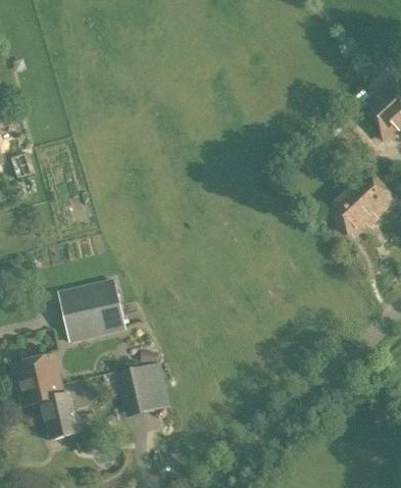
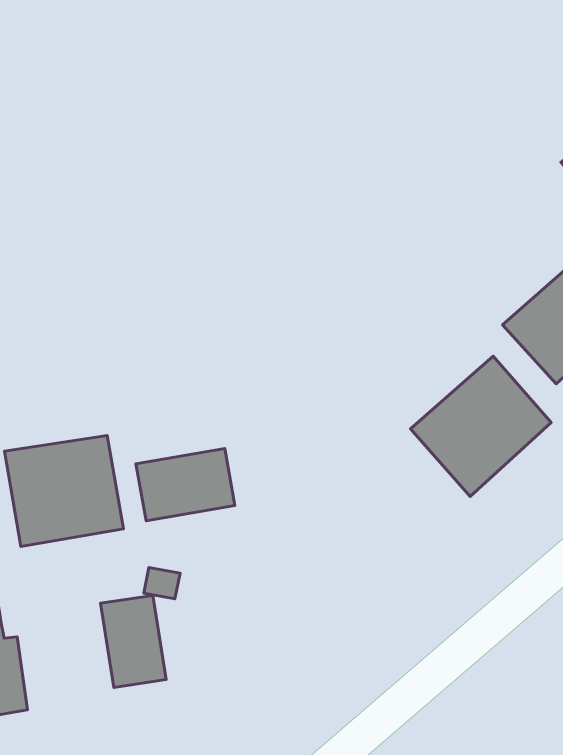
building: none -> [411,356,551,496]
building: none -> [136,449,235,521]

